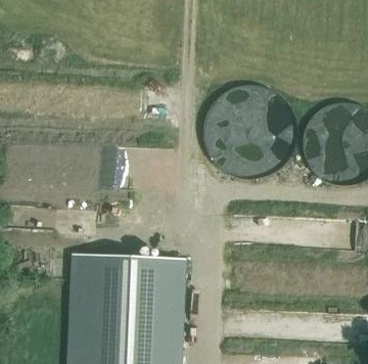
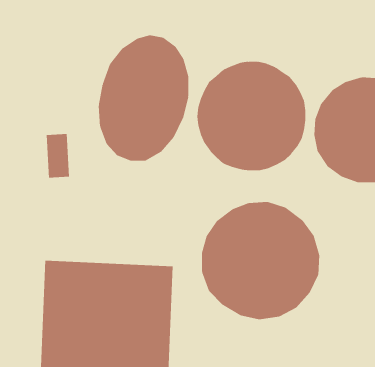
building: none -> [98,35,189,162]
building: none -> [201,201,320,320]

